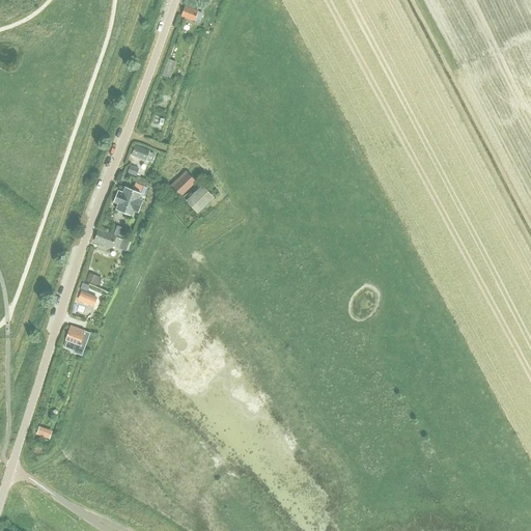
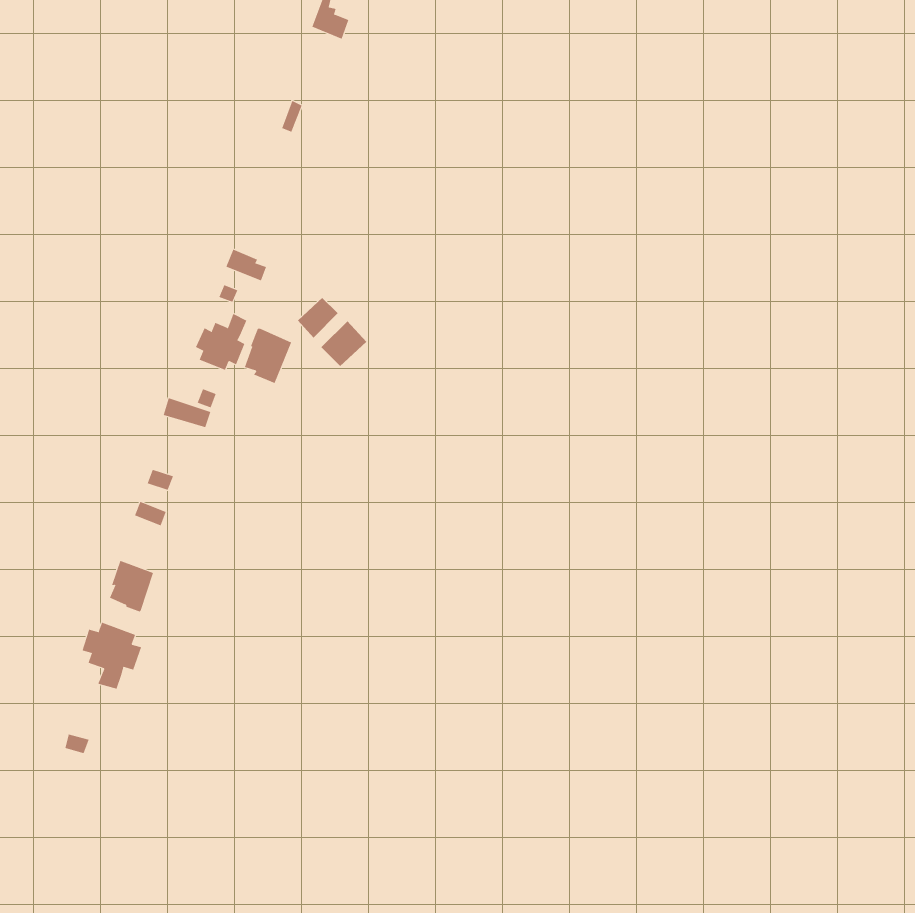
building: none -> [244,328,292,384]
building: none -> [82,622,142,690]

